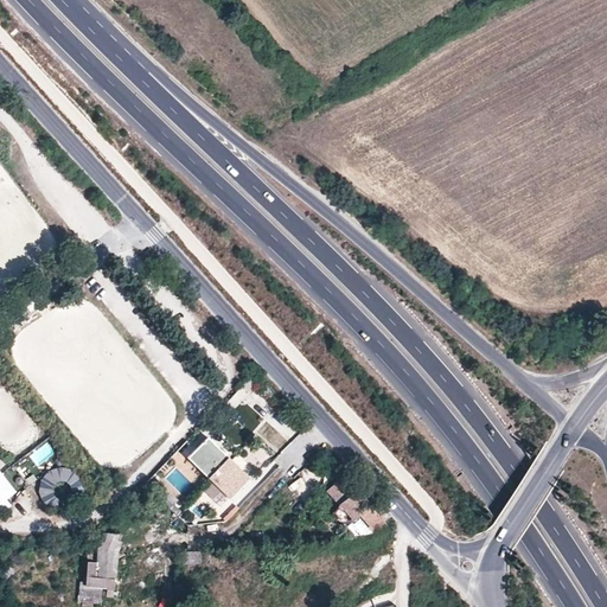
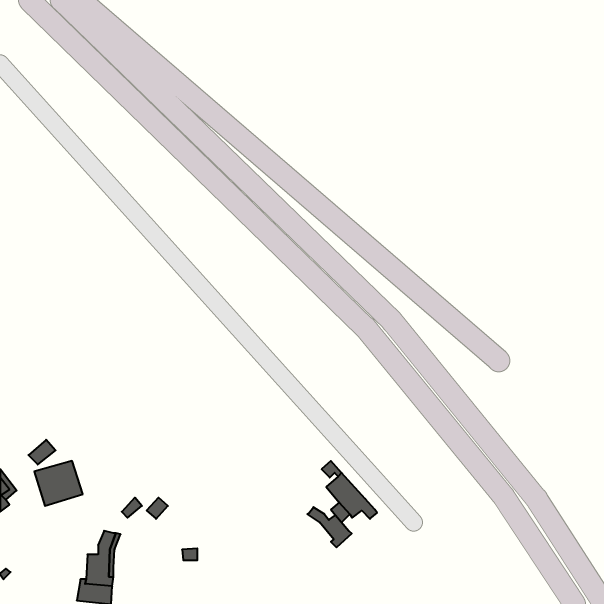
building: [187,437,249,498] -> none
building: none -> [307,507,352,547]

